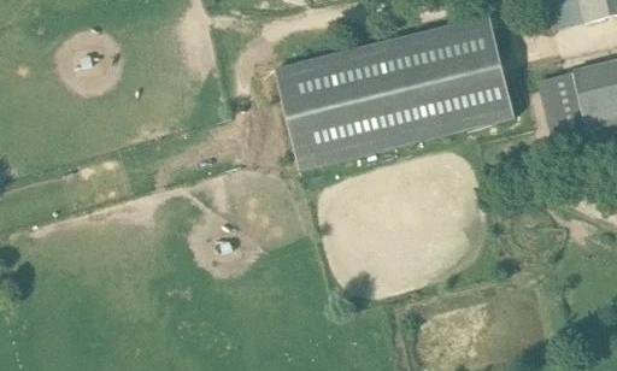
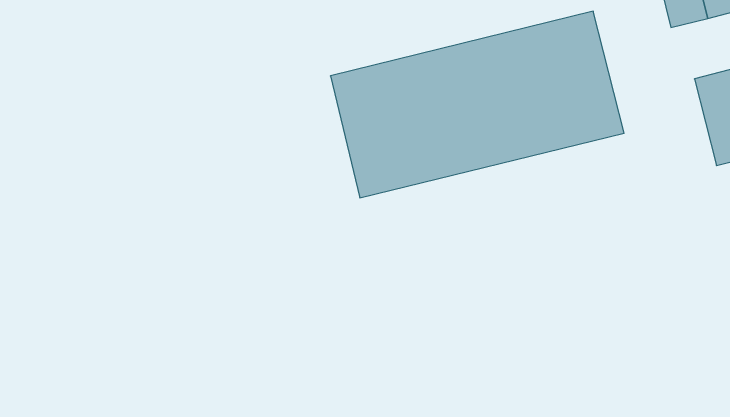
building: [542,71,594,164] -> none

